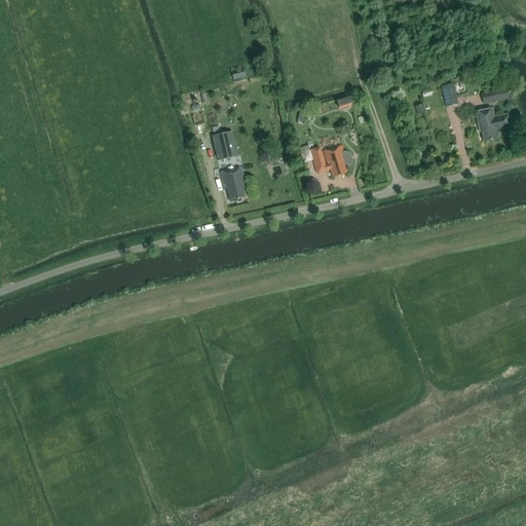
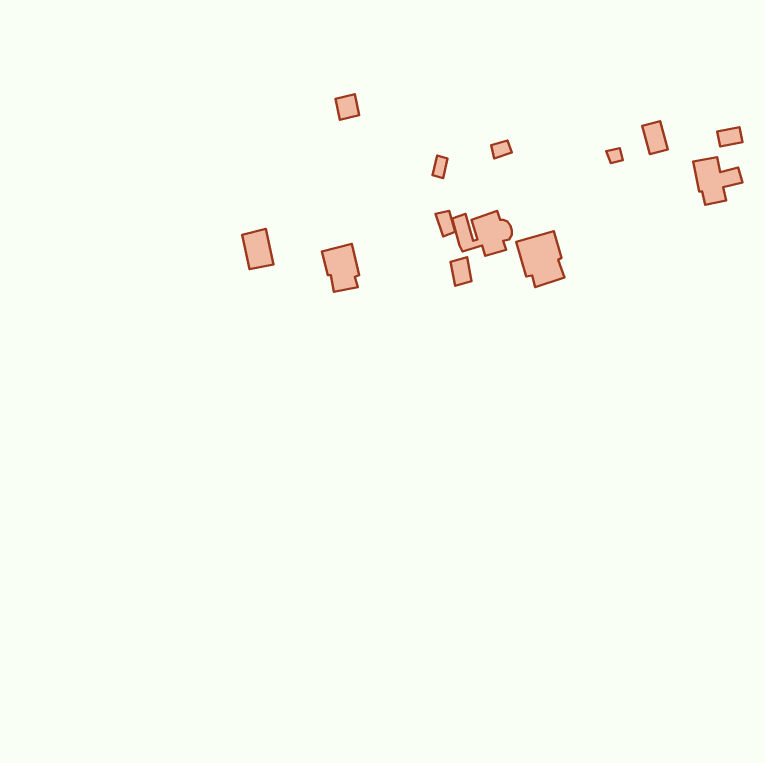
building: [212,132,233,159] -> [242,229,273,269]
building: none -> [516,231,564,287]

